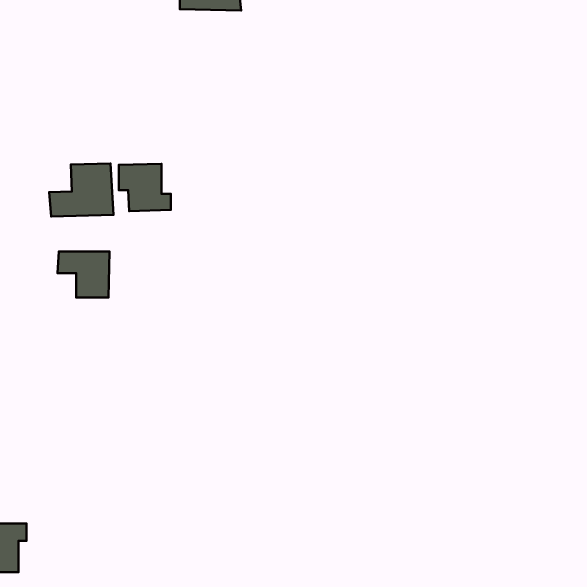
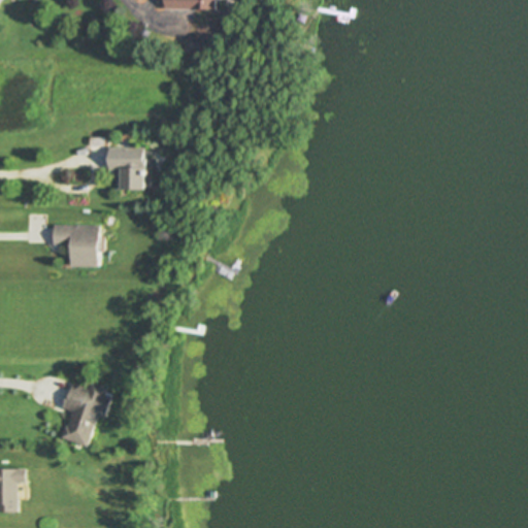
building: [49,163,113,216] -> none
building: none -> [60,381,110,447]

